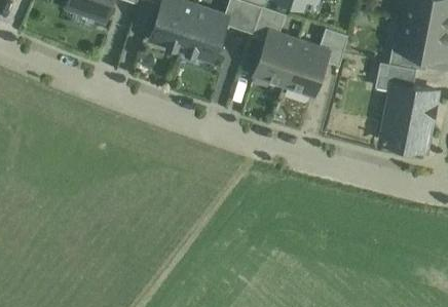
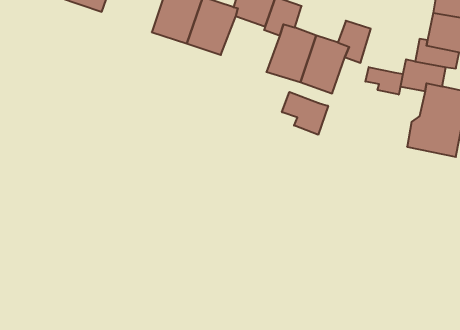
building: none -> [365,67,403,95]
building: none -> [282,92,328,135]

